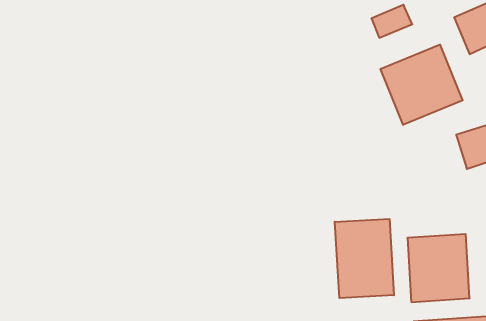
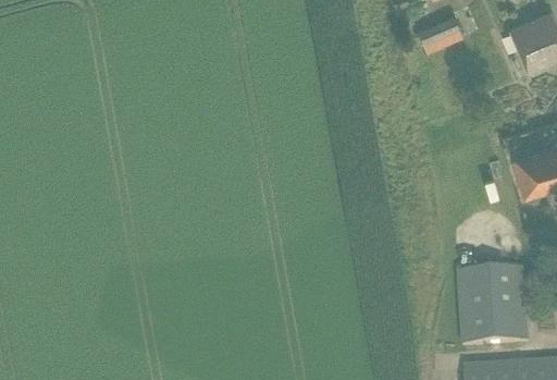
building: [380,45,463,125] -> none
building: [335,219,394,298] -> none

